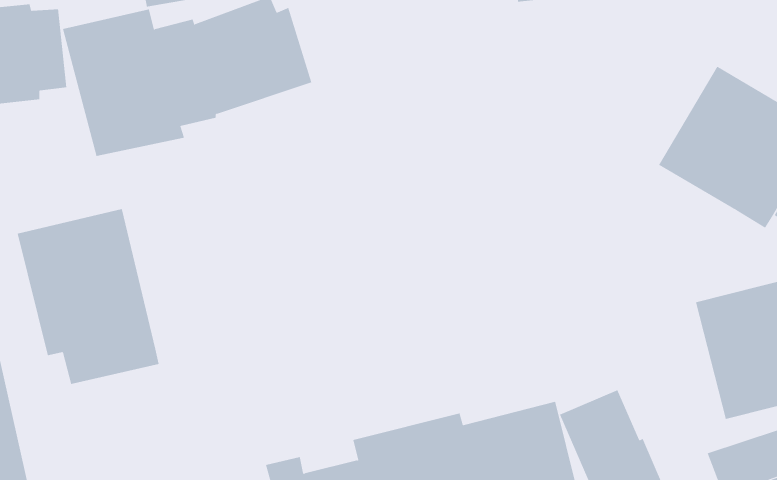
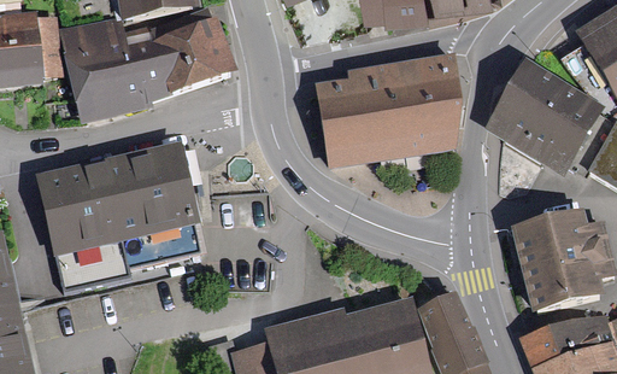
building: none -> [317,55,460,166]
building: none -> [100,142,201,263]

